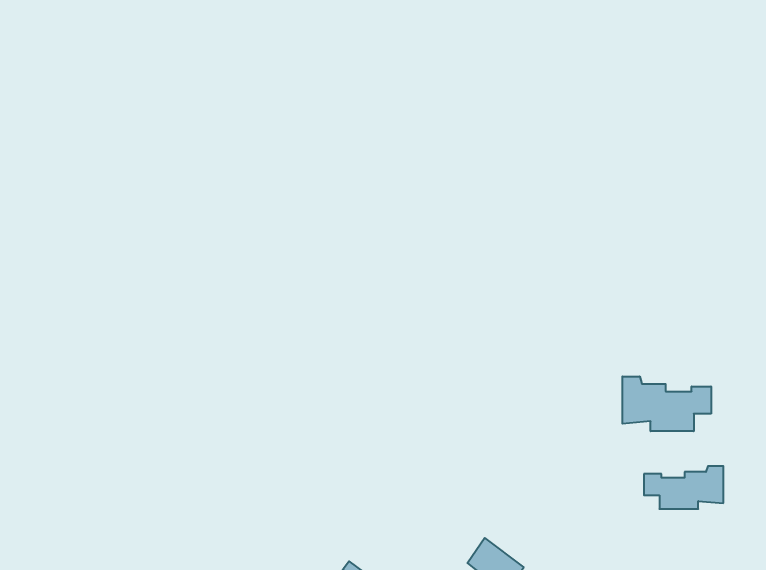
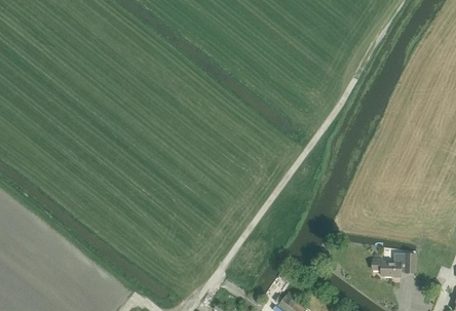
building: [622,376,711,431] -> none

